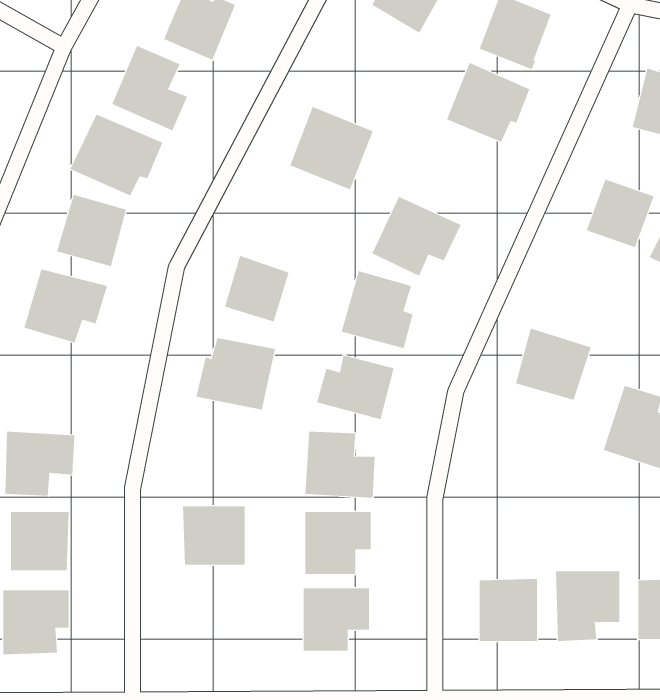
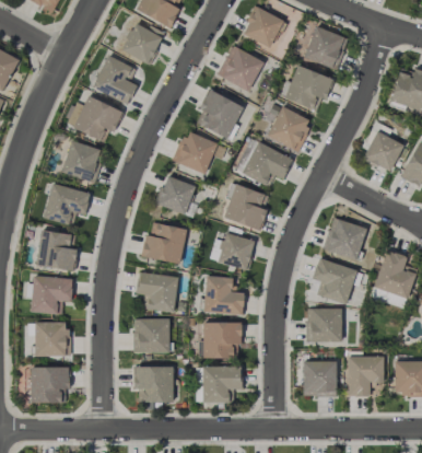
building: none -> [218,45,263,91]
building: none -> [267,106,312,151]
building: none -> [174,130,218,174]
building: none -> [38,230,77,270]
building: none -> [314,259,356,303]
building: none -> [136,270,179,313]
building: none -> [307,307,342,341]
building: none -> [134,365,174,403]

